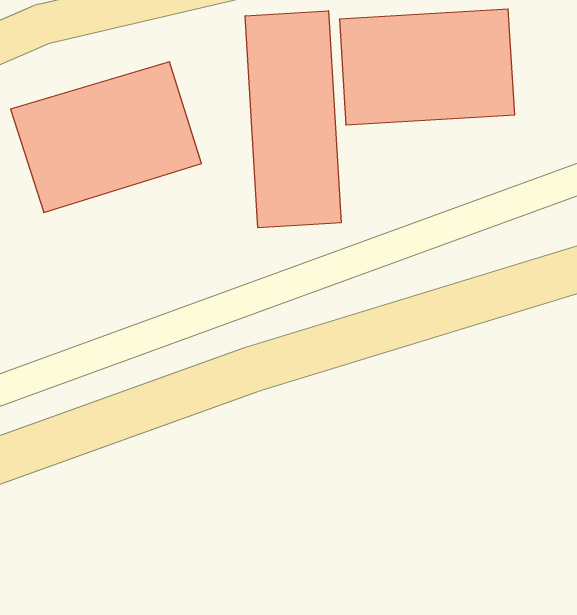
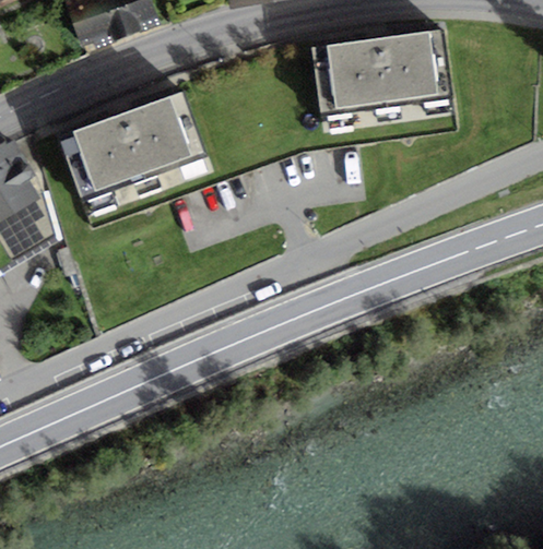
building: [245,11,341,228] -> none

